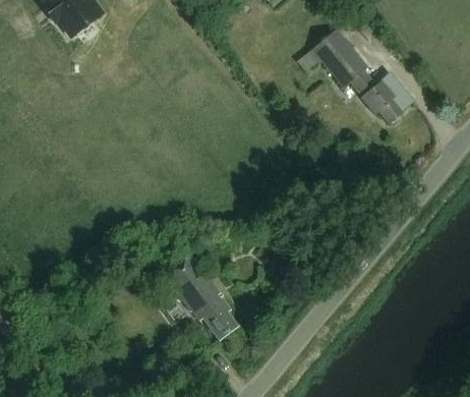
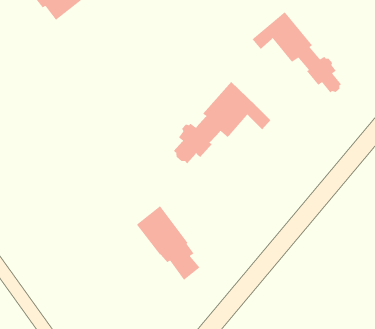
building: none -> [173,81,271,164]

